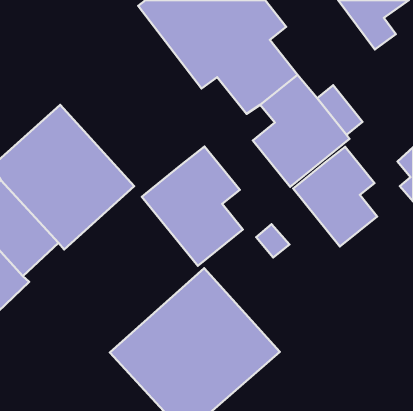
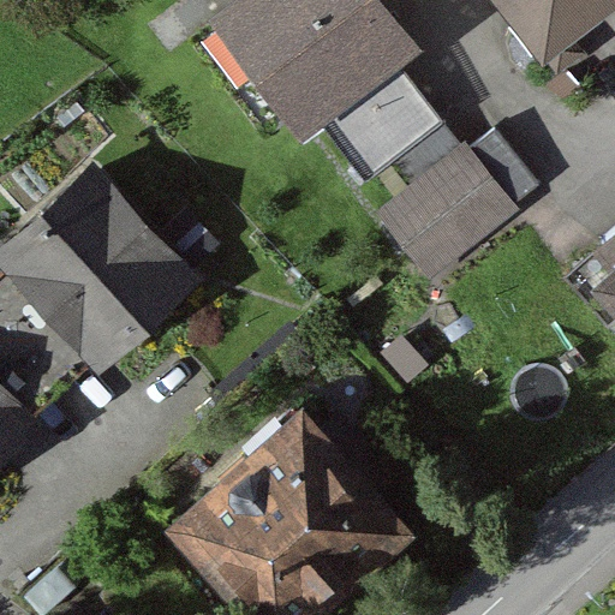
building: [142,146,243,266] -> none
building: [293,147,377,246] -> none

